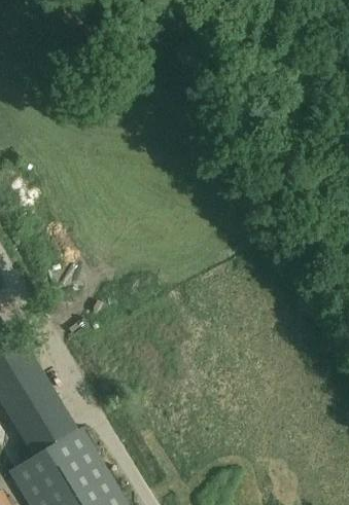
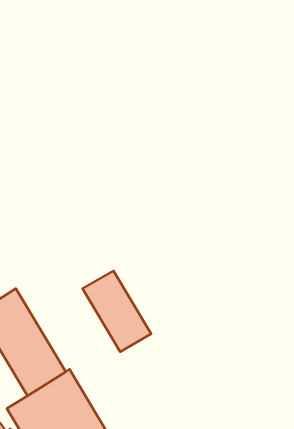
building: none -> [82,271,151,352]

